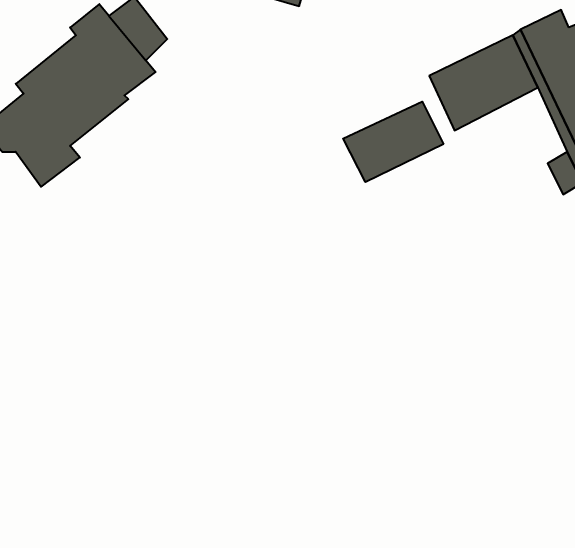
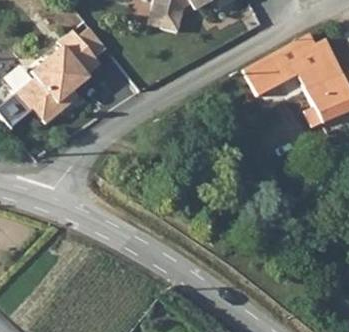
building: [343,102,443,182] -> none

